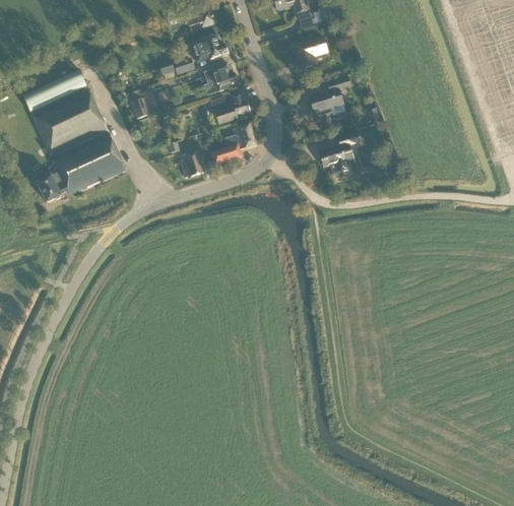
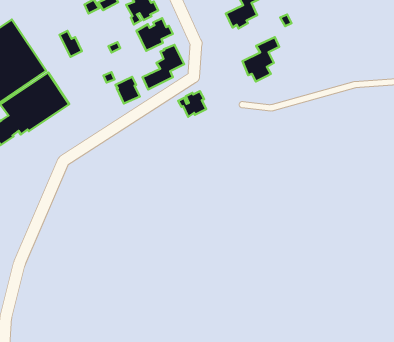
building: none -> [178,91,206,117]

